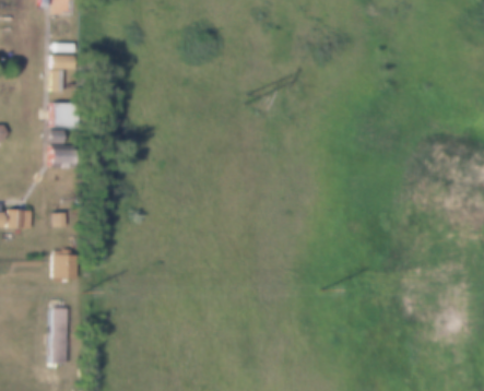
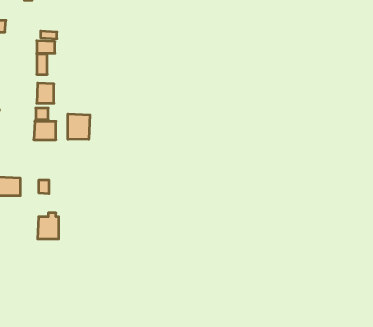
building: none -> [68,114,90,139]
building: [50,307,70,365] -> none

